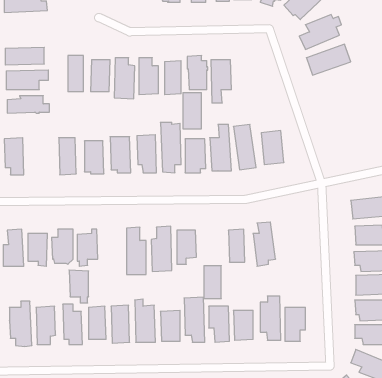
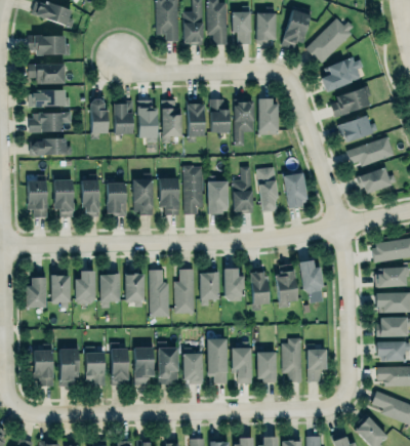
building: none -> [29,64,66,84]
building: none -> [339,115,378,143]
building: [183,93,201,129] -> [258,99,277,135]
building: none -> [346,137,395,166]
building: none -> [357,166,399,196]
building: none -> [53,179,74,218]
building: none -> [299,259,325,296]
building: [204,266,221,299] -> [224,269,242,301]
building: [69,270,89,303] -> [125,275,145,308]

